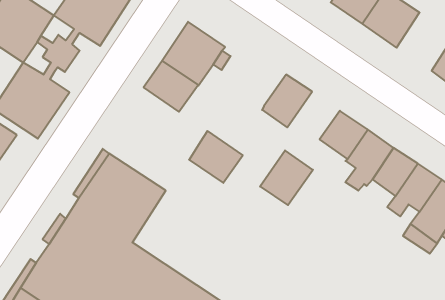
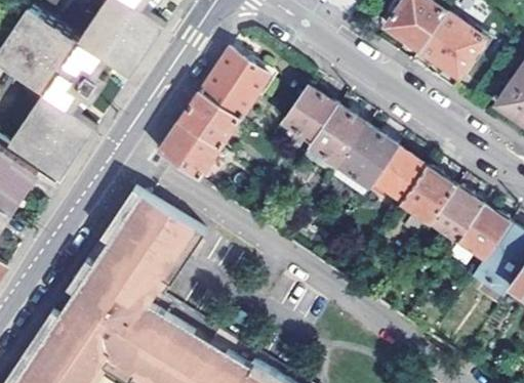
building: none -> [280,85,335,141]
building: [189,131,243,183] -> [157,121,216,178]
building: [260,150,313,205] -> [336,125,395,185]

